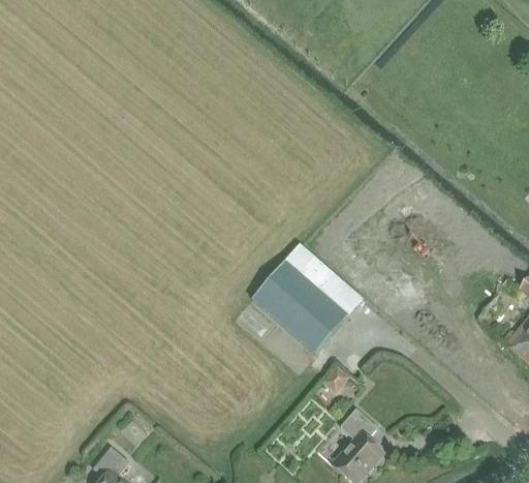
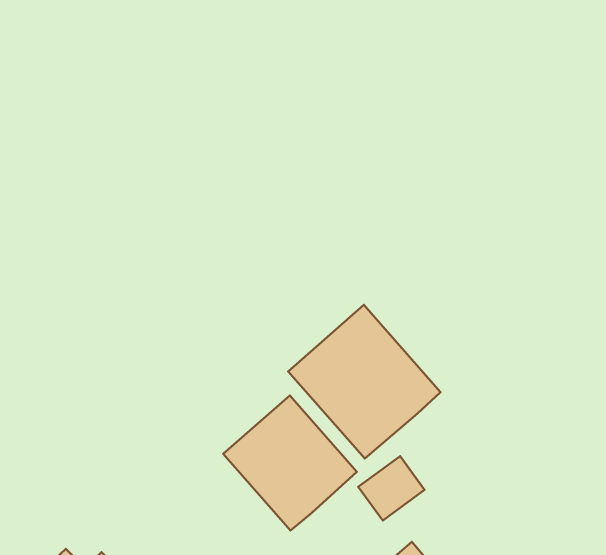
building: none -> [223,395,357,530]

